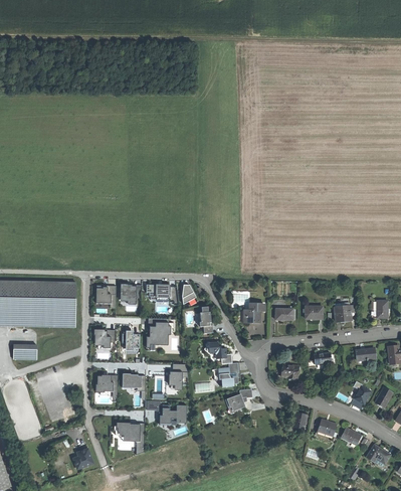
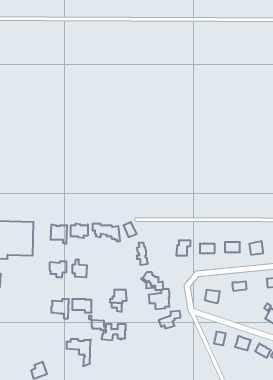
building: [149,318,173,345] -> none

